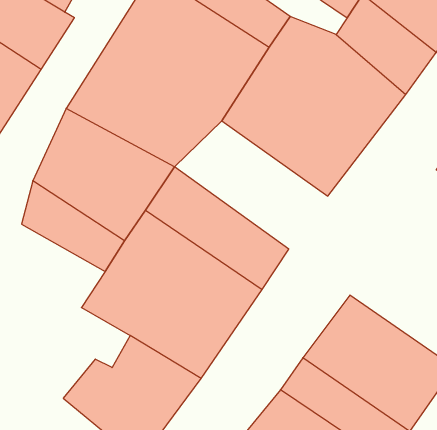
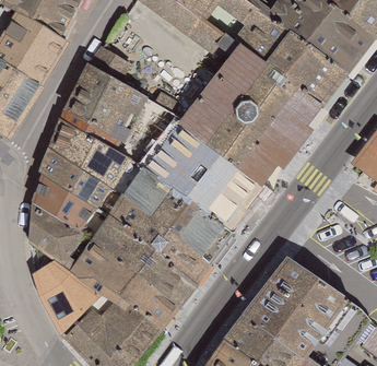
building: none -> [148,121,268,222]
building: none -> [27,202,113,339]

